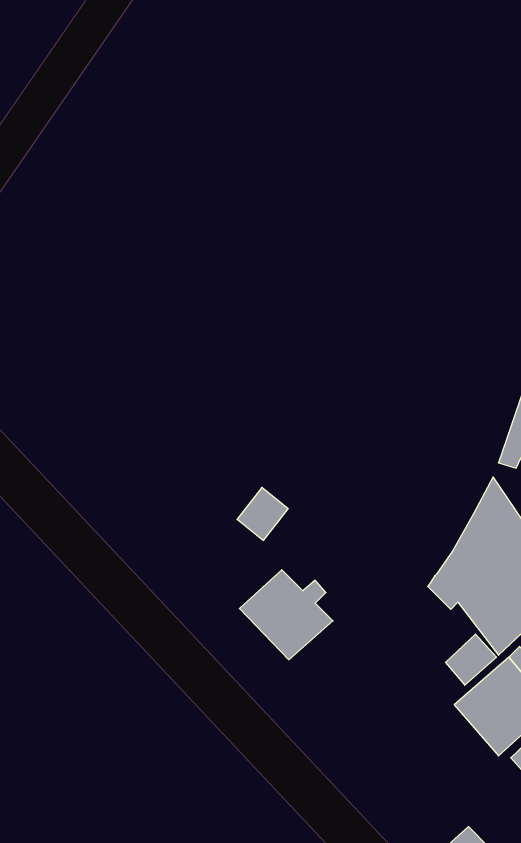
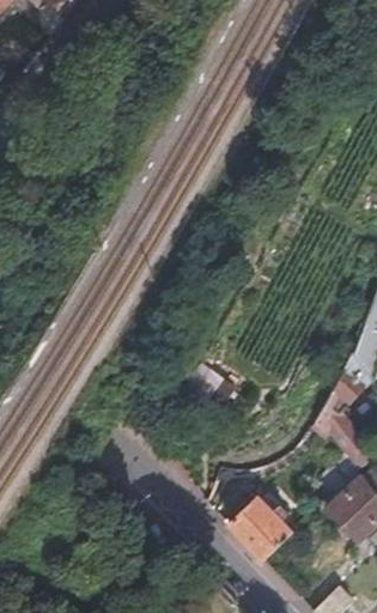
building: [239,570,333,660] -> [227,498,291,559]

